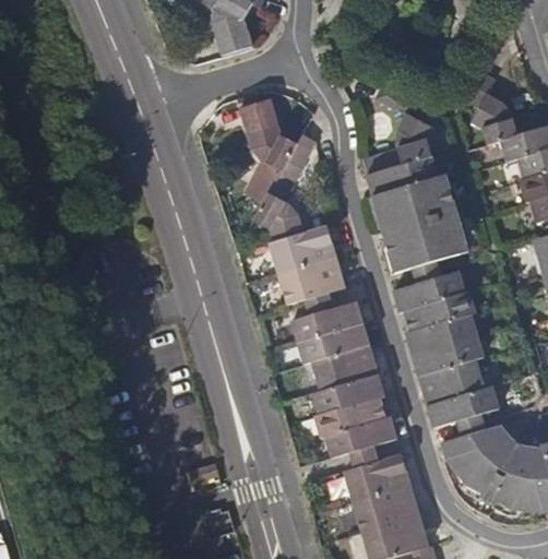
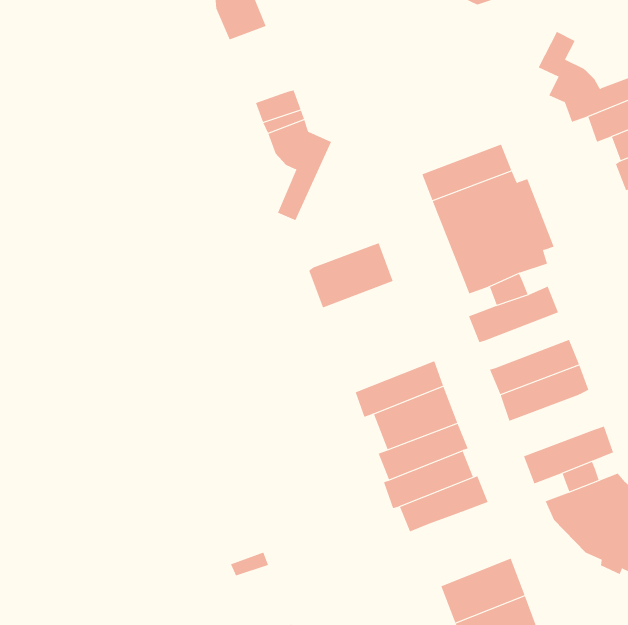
building: [361,94,432,175] -> none
building: [254,133,315,241] -> none
building: [278,258,345,305] -> none
building: [405,293,476,333] -> none
building: [291,301,364,343] -> none
building: [418,360,485,405] -> none
building: [344,454,410,502] -> none

